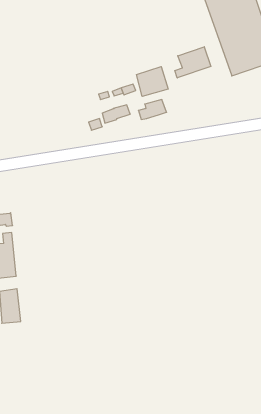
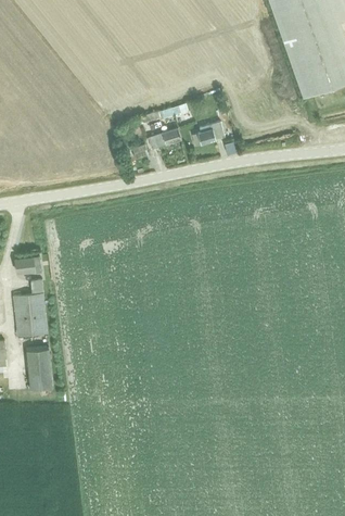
building: [175,47,211,78] -> none
building: [136,67,168,96] -> none

